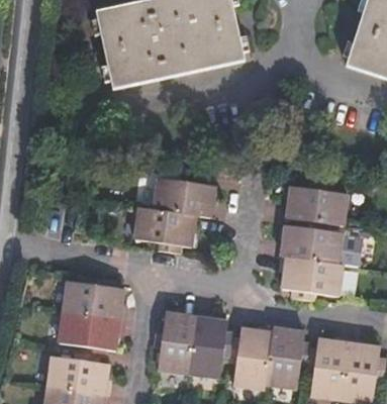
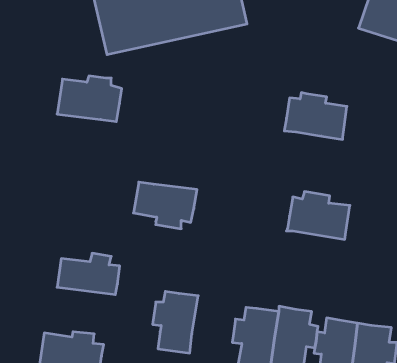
building: [155,176,216,219] -> [57,76,122,122]
building: [287,182,347,226] -> [284,93,347,139]
building: [283,257,345,302] -> none
building: [58,310,118,355] -> none
building: [189,318,233,378] -> none

